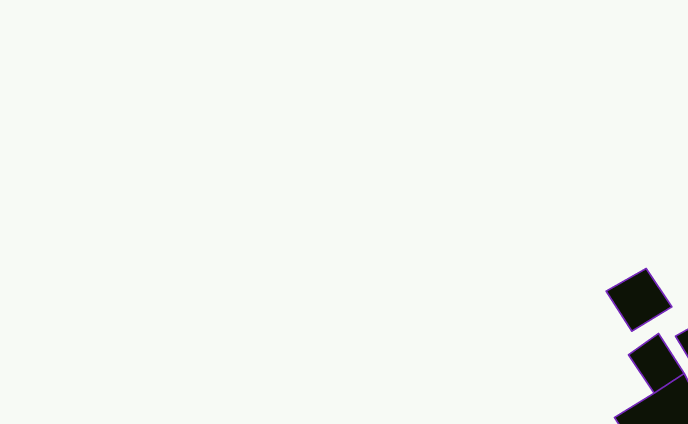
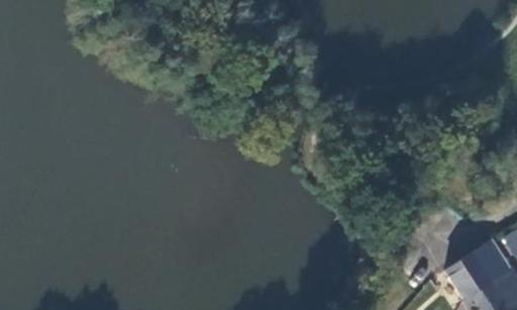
building: [606,268,672,331] -> [445,252,492,297]

